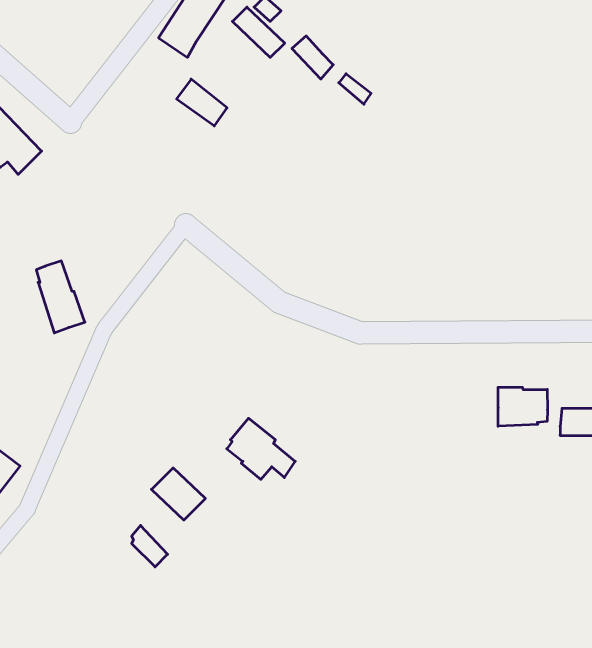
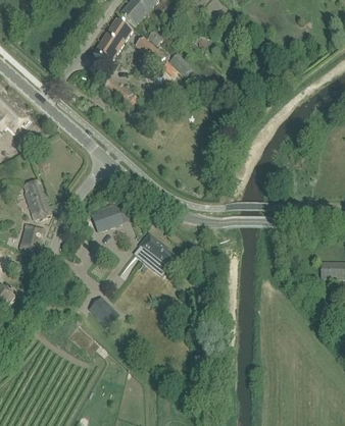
building: none -> [92,207,121,231]
building: none -> [18,223,44,253]
building: [498,387,547,426] -> none
building: [227,418,295,479] -> [137,232,176,267]

